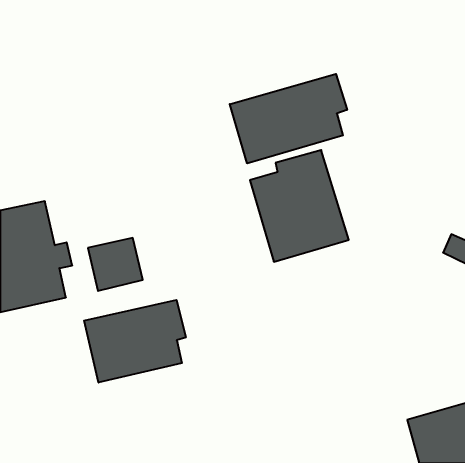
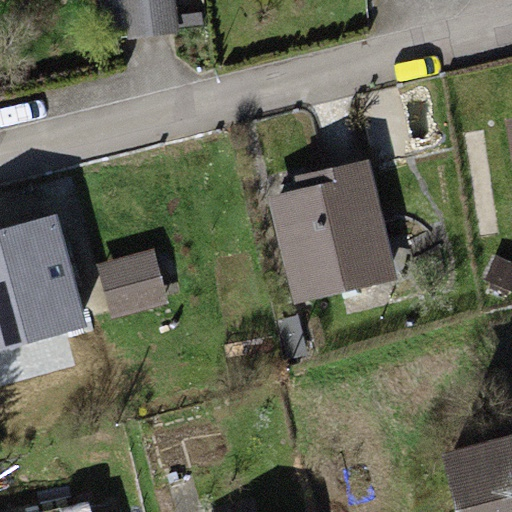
building: [230,74,347,163] -> none
building: [84,300,186,383] -> none

